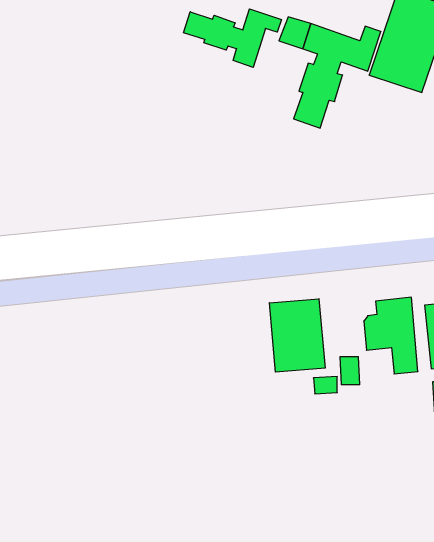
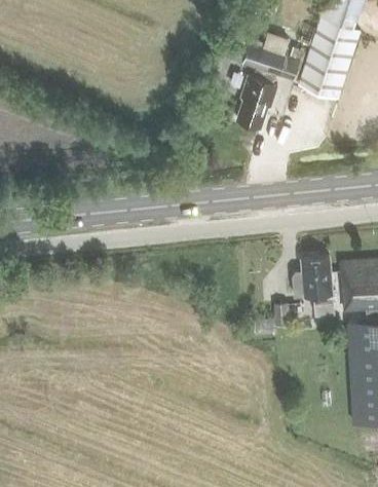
building: [184,9,281,67] -> none
building: [269,299,325,372] -> none

